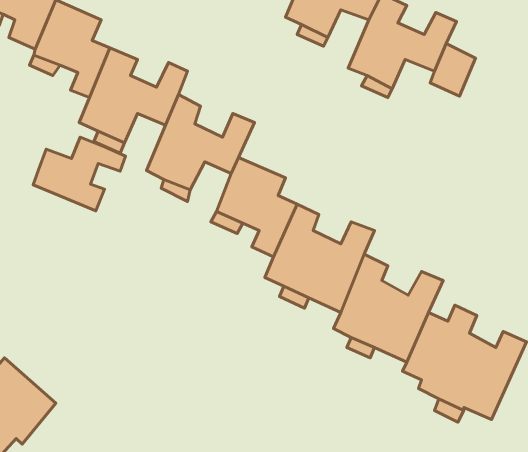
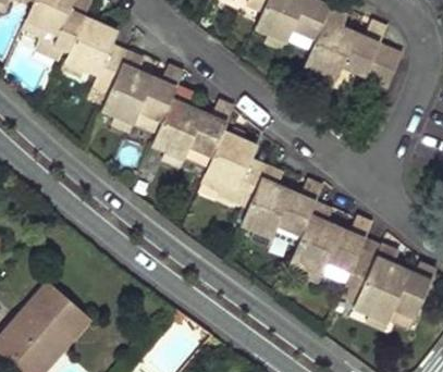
building: [33,137,125,211] -> none

